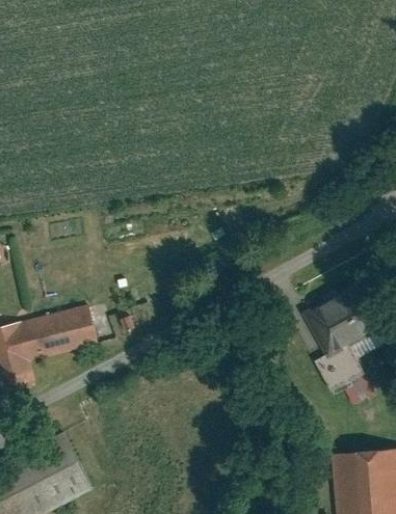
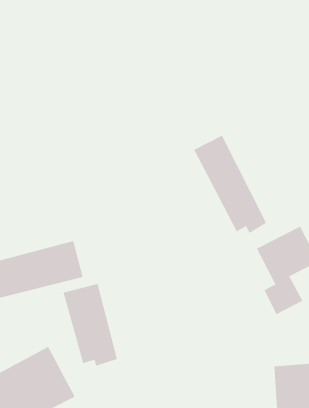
building: none -> [193,135,267,234]
building: none -> [63,283,118,367]

